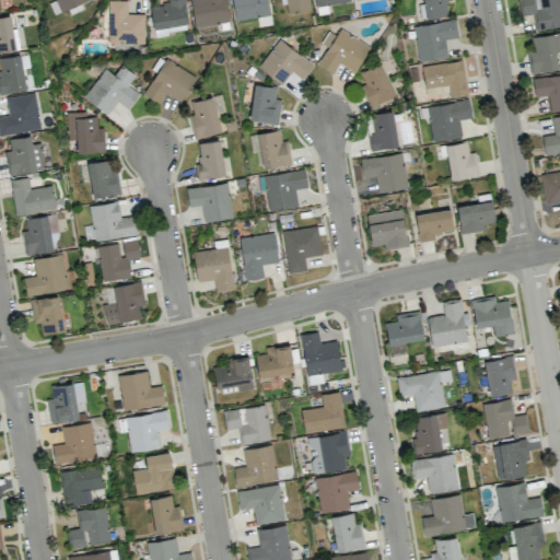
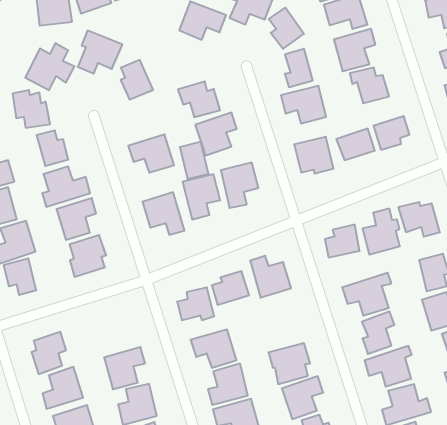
building: [252,85,282,124] -> none
building: [198,141,225,179] -> [180,142,209,179]
building: [119,371,166,411] -> none
building: [302,393,347,434] -> none

